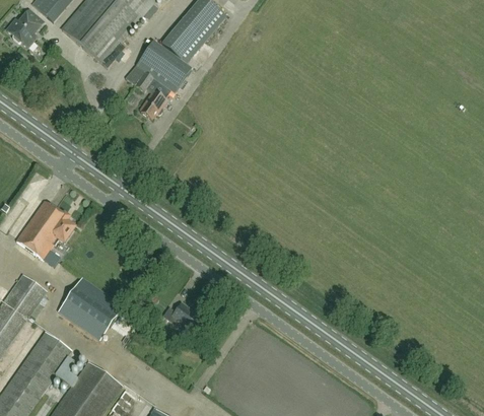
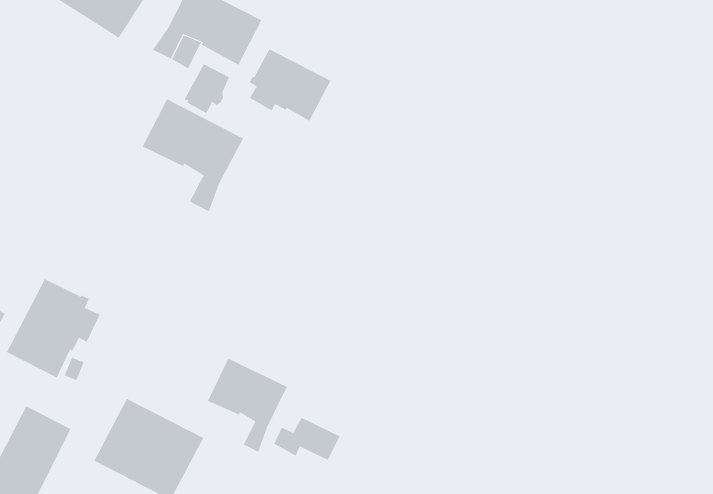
building: none -> [249,48,331,121]
building: none -> [142,98,244,212]
building: none -> [207,358,288,452]

